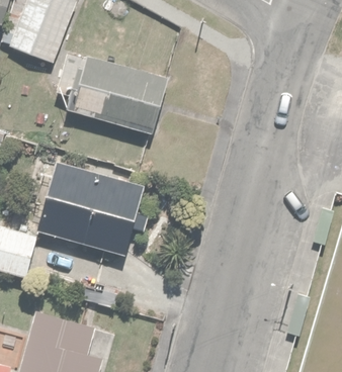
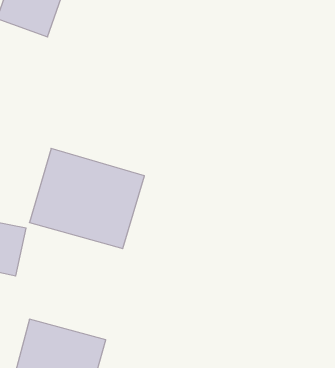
building: [69,59,159,134] -> none

